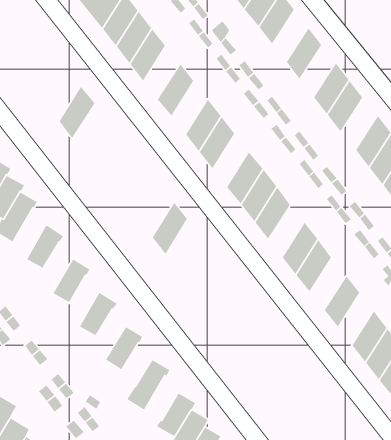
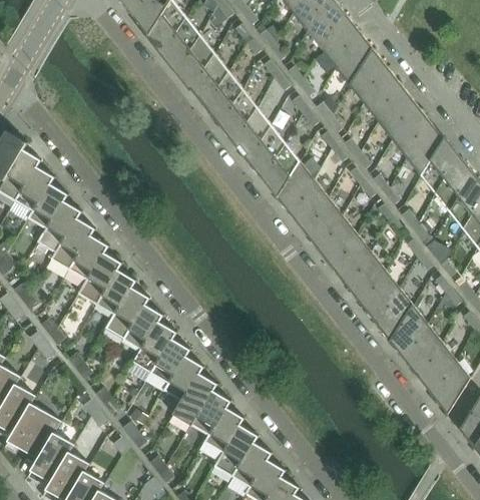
building: none -> [323,14,360,68]
building: none -> [351,50,388,104]
building: none -> [219,87,257,142]
building: [58,85,96,139] -> [190,51,228,106]
building: none -> [393,104,431,158]
building: [152,201,188,255] -> [262,141,299,196]
building: none -> [319,214,356,269]
building: none -> [51,217,96,271]
building: none -> [78,253,122,306]
building: none -> [361,269,399,323]
building: none -> [105,287,150,340]
building: none -> [390,305,427,359]
building: none -> [132,322,177,374]
building: none -> [163,356,204,401]
building: none -> [191,390,231,436]

